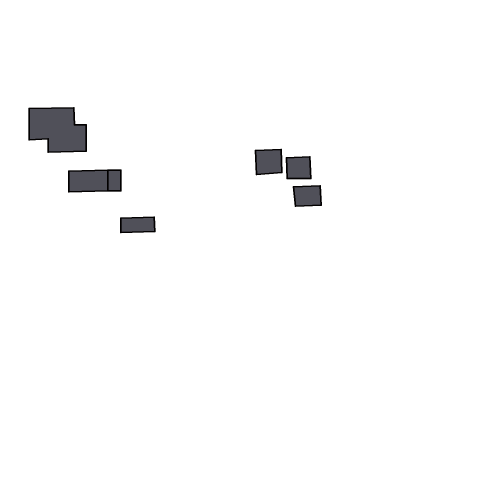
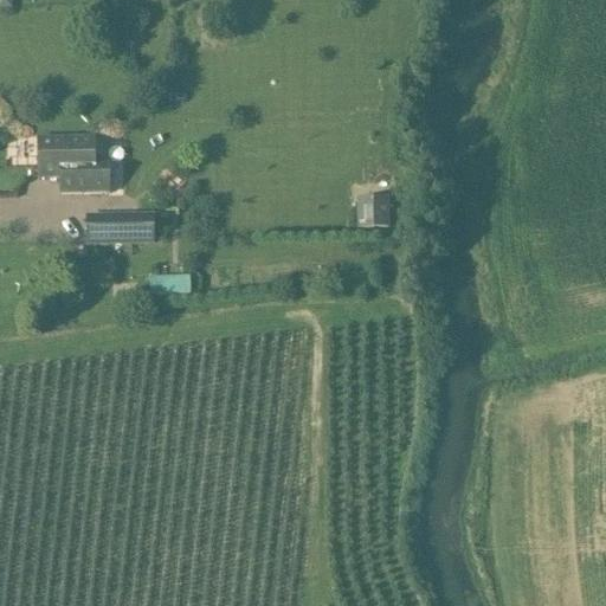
building: [256,149,282,174] -> none
building: [293,186,321,206] -> none

